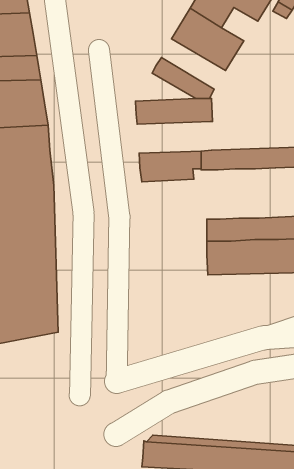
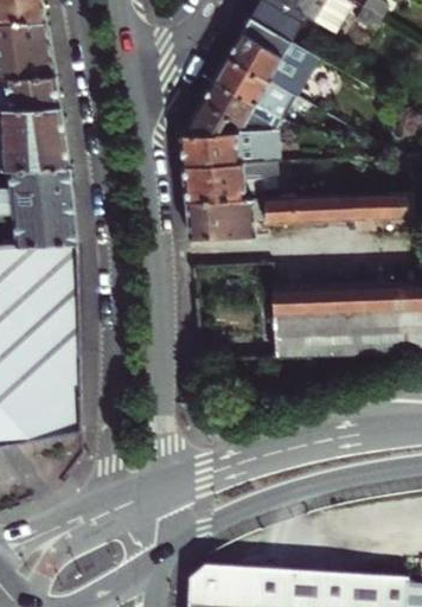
building: none -> [215,56,296,120]
building: none -> [181,100,258,135]
building: none -> [184,161,279,202]

